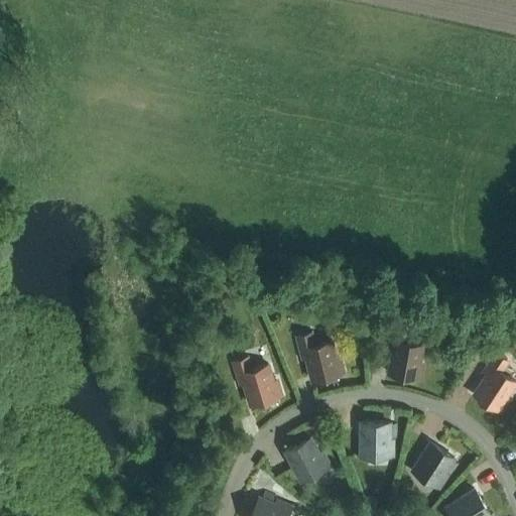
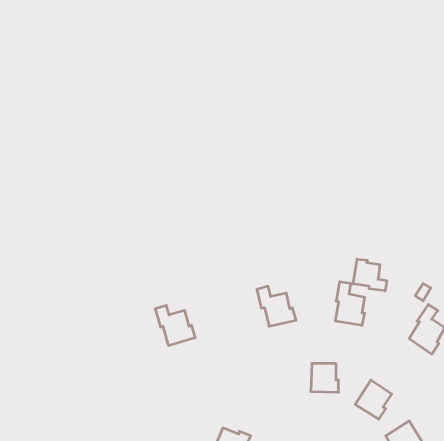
building: none -> [353,259,387,291]
building: [235,361,281,407] -> [155,305,195,345]
building: [286,440,330,483] -> none

